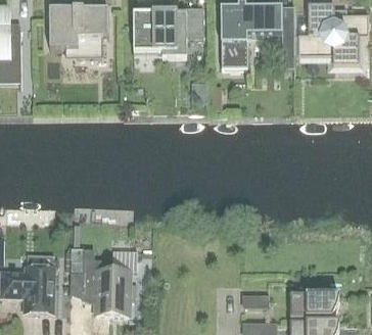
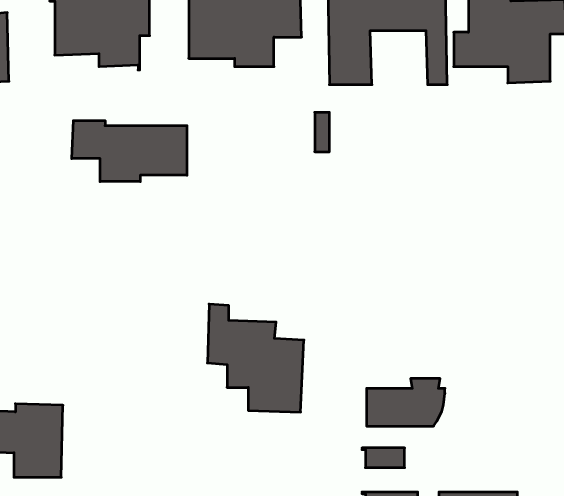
building: none -> [72,121,187,182]
building: [69,247,130,315] -> [207,304,304,412]
building: [289,287,338,317] -> [367,379,445,426]

